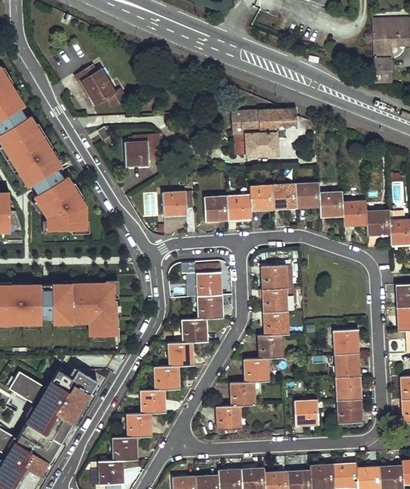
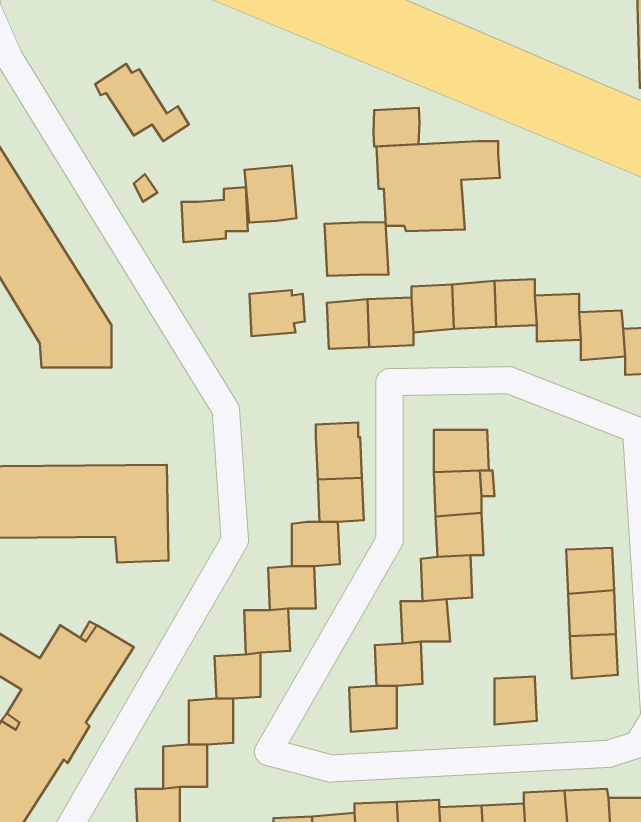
building: none -> [373,108,419,147]
building: none -> [244,166,296,222]
building: none -> [325,222,388,276]
building: [336,399,362,423] -> none

